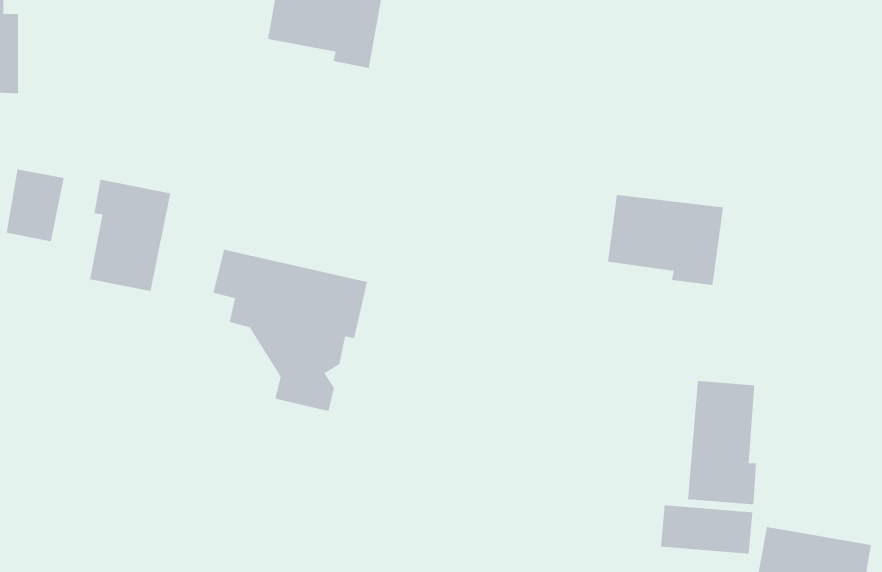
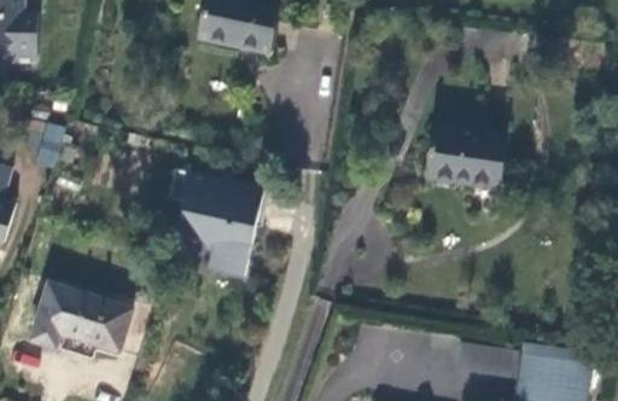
building: [90,179,171,292] -> none
building: [688,380,757,505] -> none
building: none -> [33,281,129,344]

